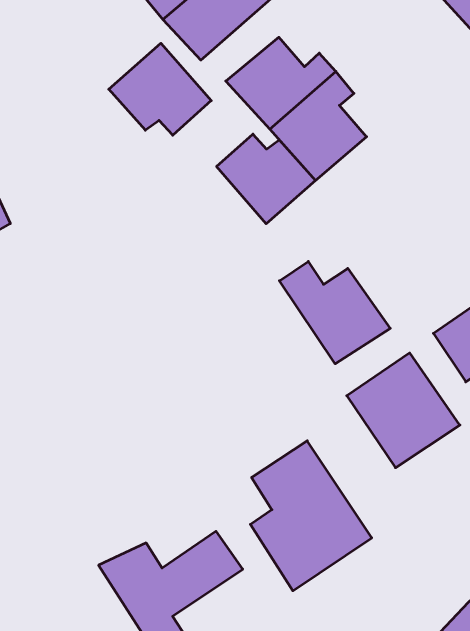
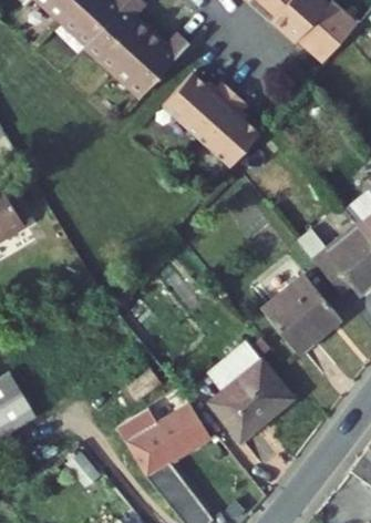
building: [109,43,211,135] -> none
building: [217,134,315,224] -> none
building: [279,261,390,364] -> none

